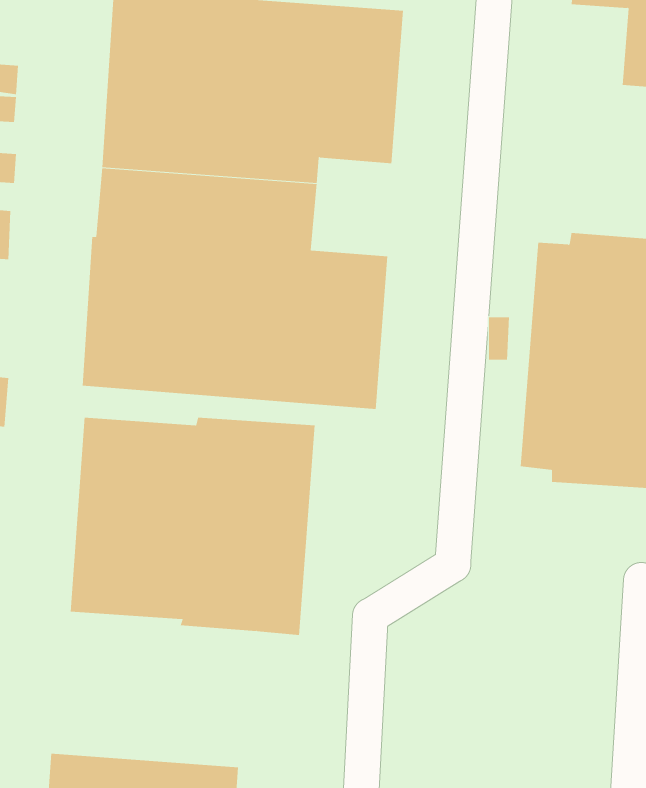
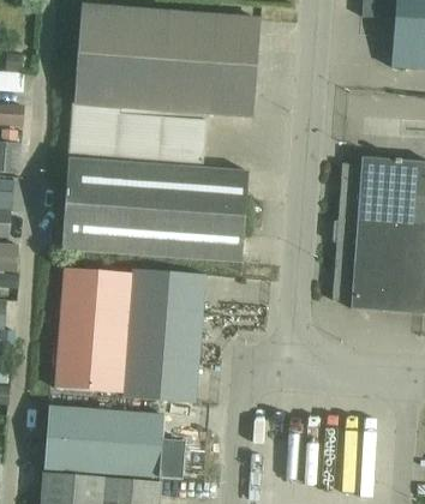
building: none -> [43,407,185,479]

